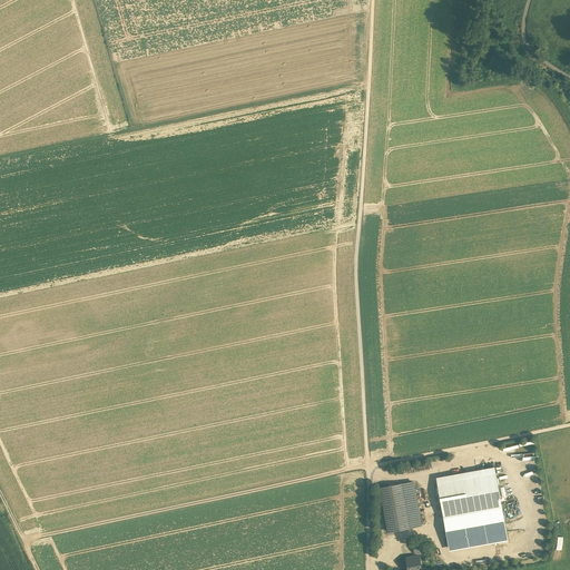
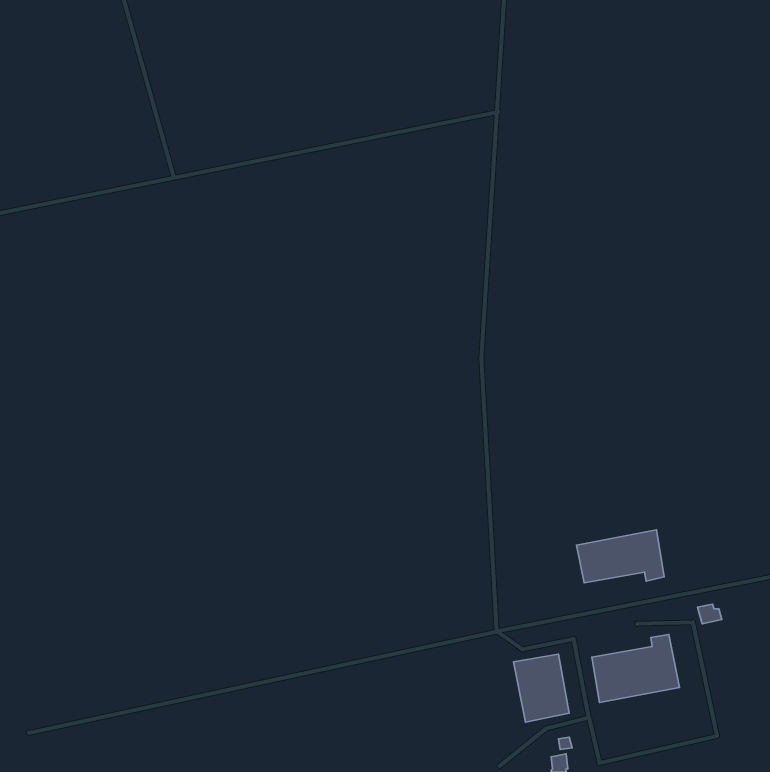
building: [442,507,507,546] -> [577,530,664,583]

